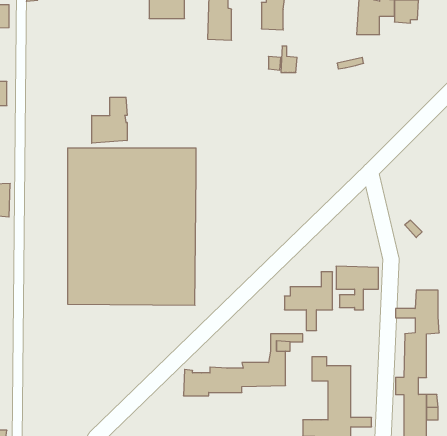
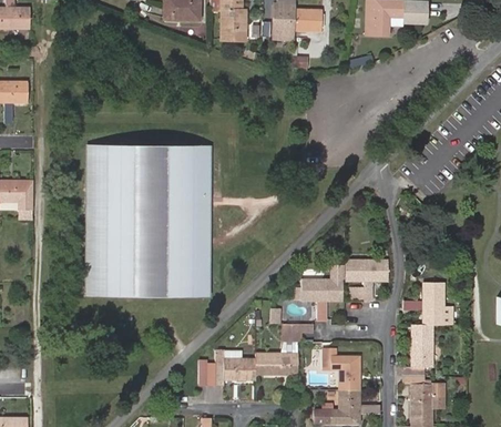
building: none -> [295,11,320,31]
building: [92,97,127,143] -> none

